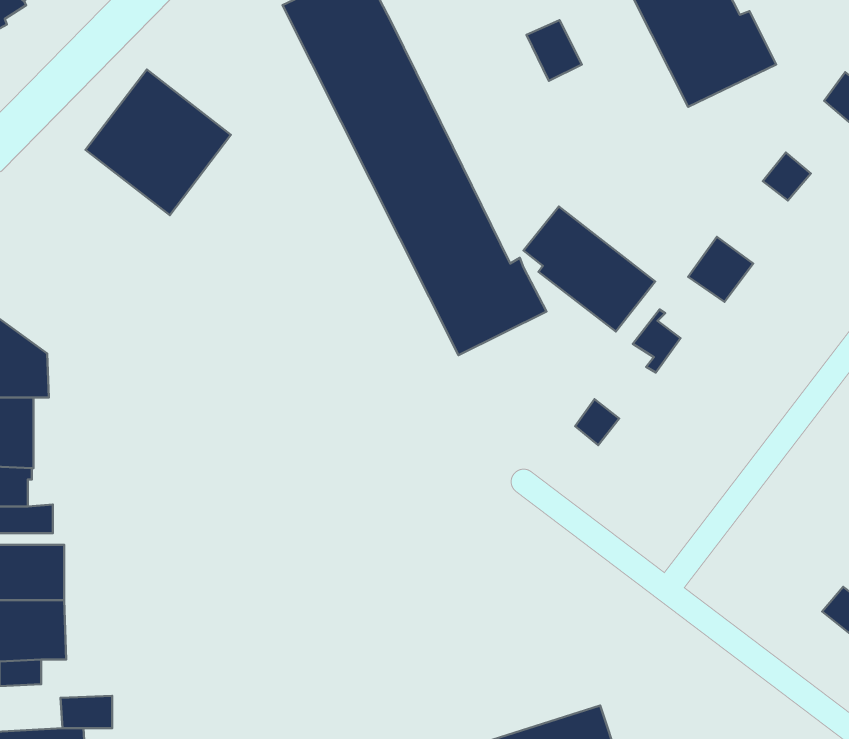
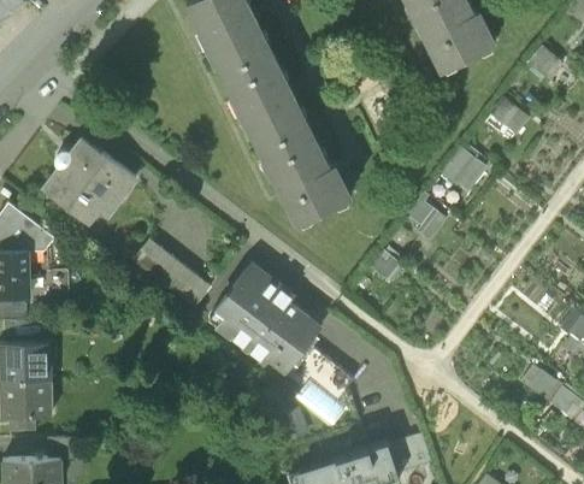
building: [526,20,582,81] -> none
building: [85,70,231,215] -> [41,138,132,230]
building: [524,206,655,332] -> none
building: none -> [128,240,208,311]
building: none -> [216,261,318,373]

